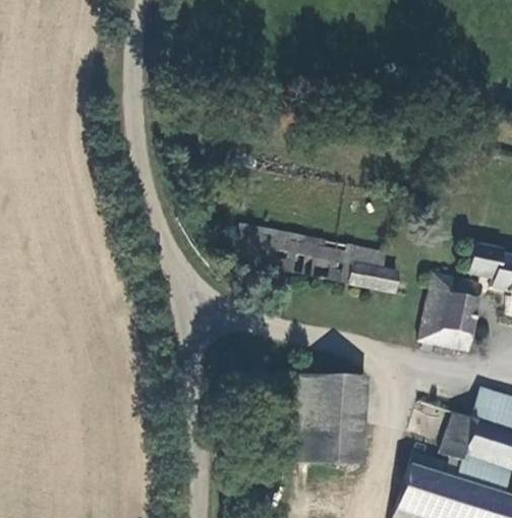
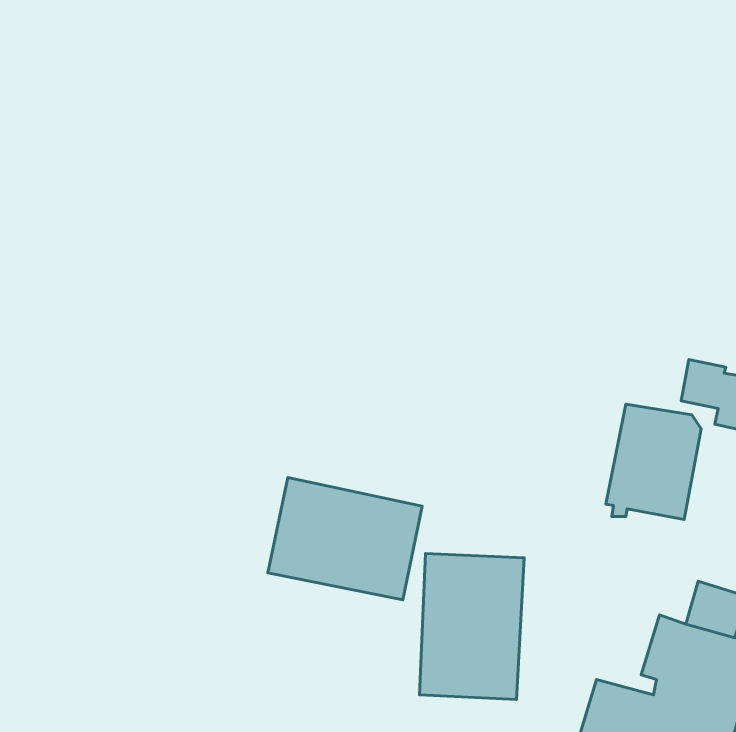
building: [234,224,399,293] -> none
building: none -> [268,478,422,600]

